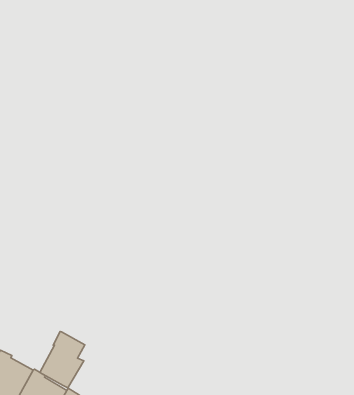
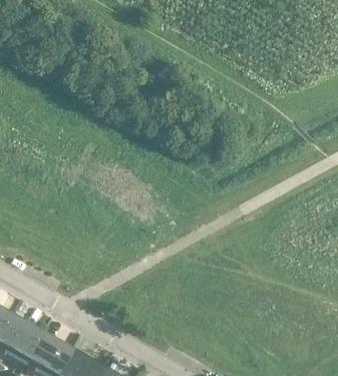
building: [40,332,85,388] -> none

